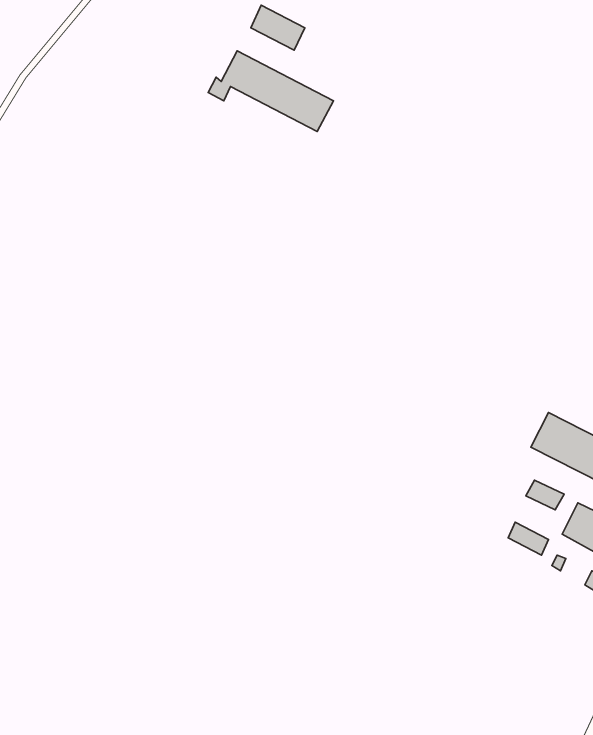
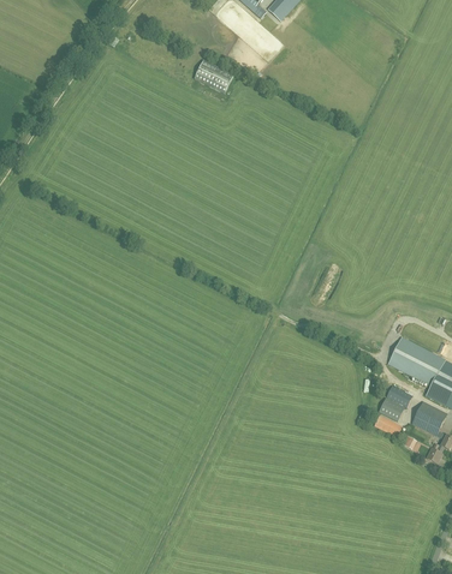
building: [208,51,333,131] -> none

